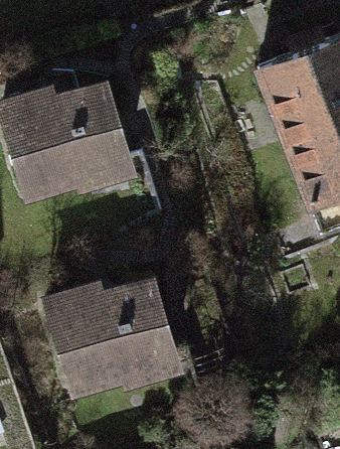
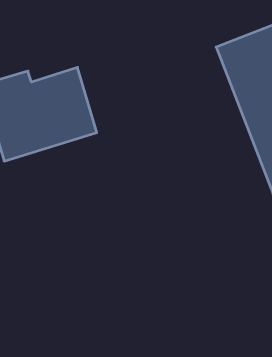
building: [49,290,176,392] -> none

